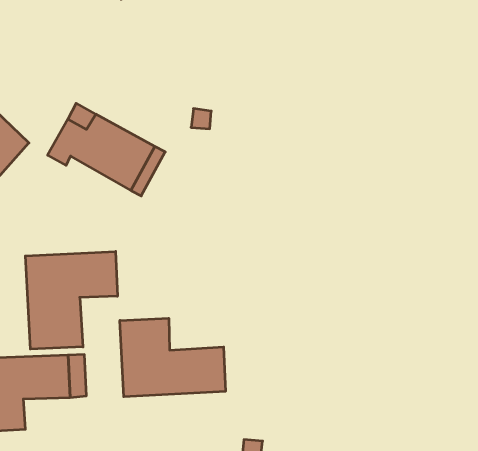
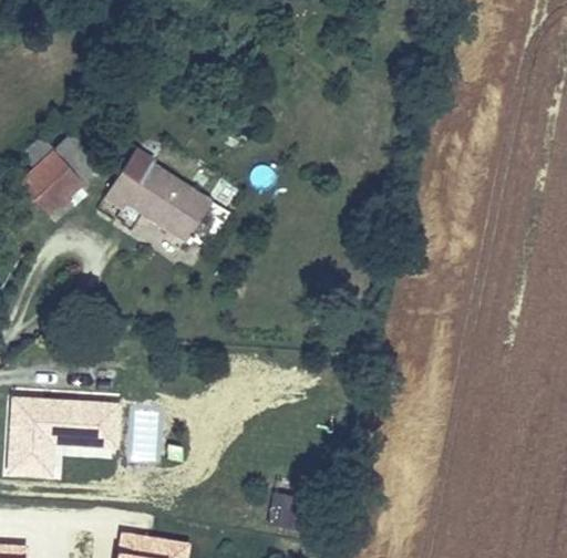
building: [25,251,117,349] -> none
building: [120,318,225,397] -> none

